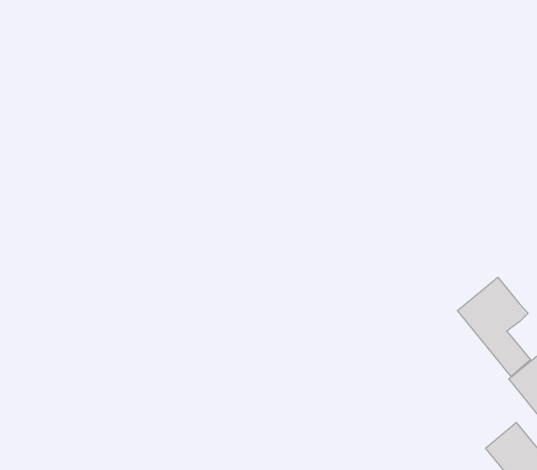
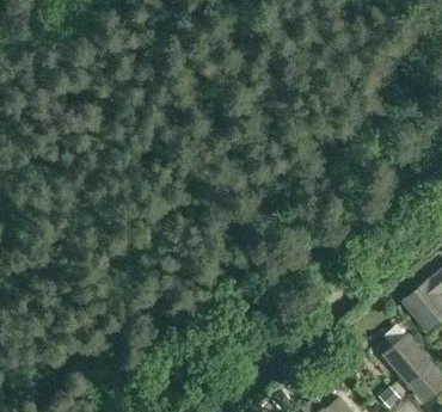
building: [457,277,531,377] -> none

